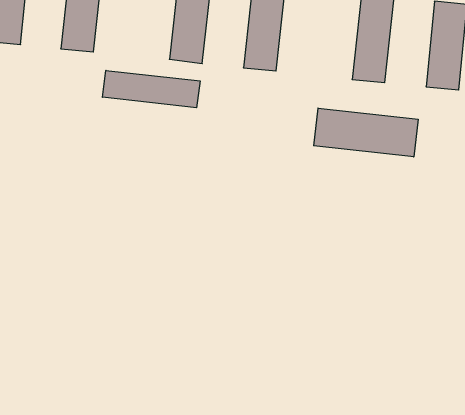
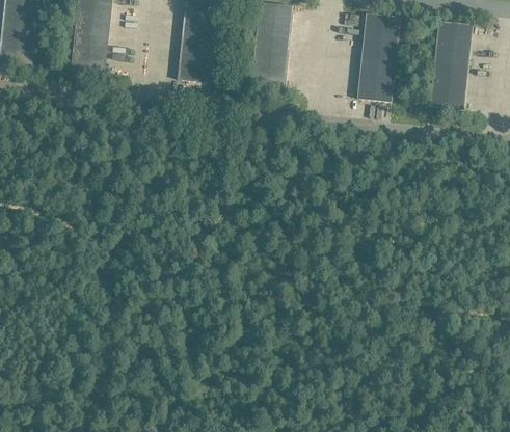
building: [102,70,200,108] -> none
building: [314,108,418,157] -> none

